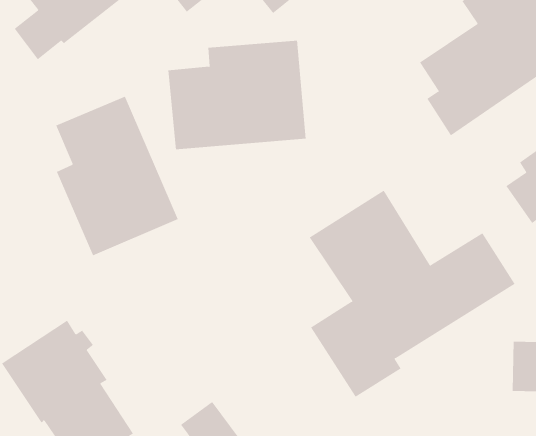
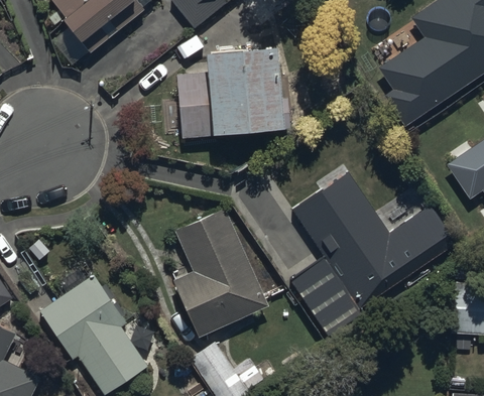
building: [55,96,179,256] -> none
building: none -> [171,207,269,339]

